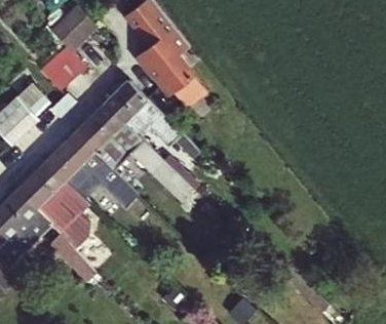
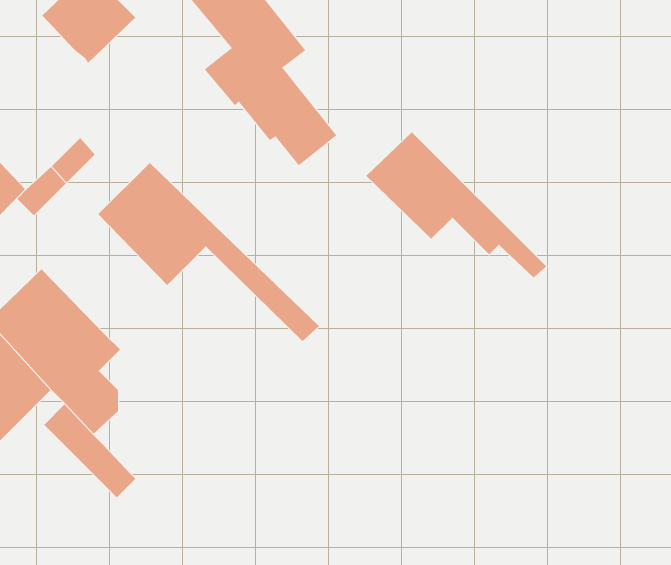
building: [37,45,85,92] -> none
building: [104,81,200,159] -> [365,132,547,278]
building: [46,132,138,207] -> none

